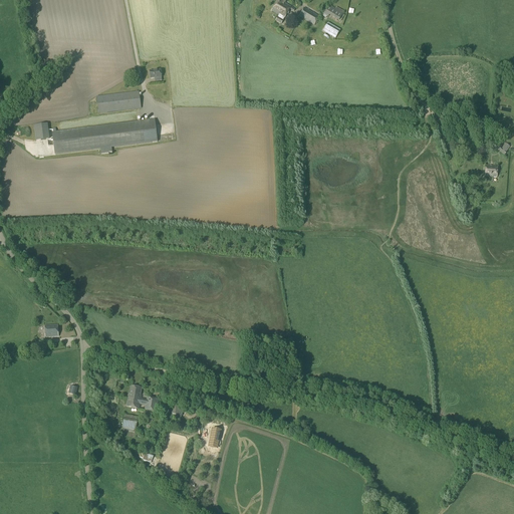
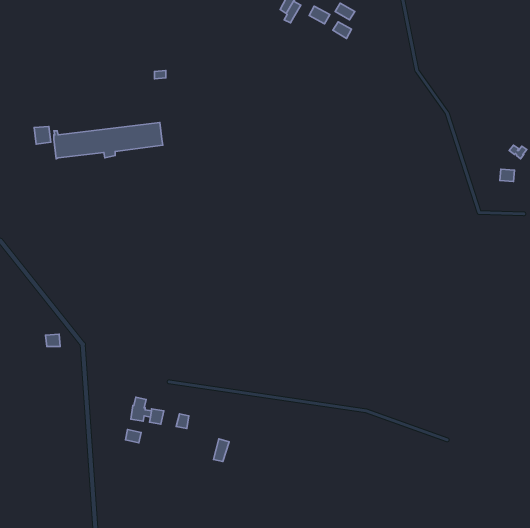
building: [96,89,141,112] -> none

